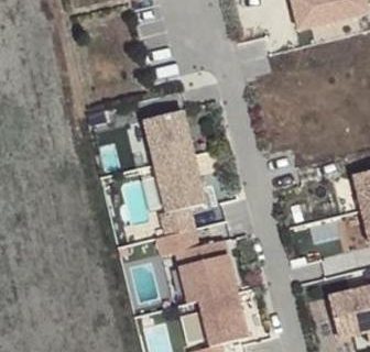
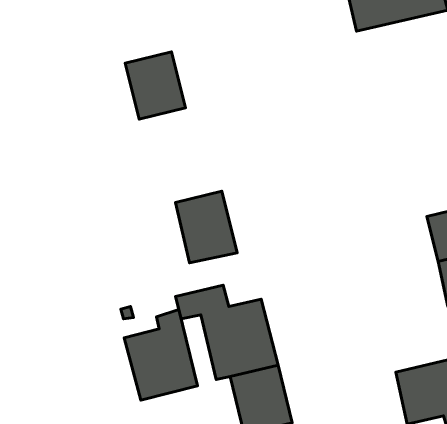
building: [145,111,193,164] -> [125,52,186,119]
building: none -> [124,309,198,400]

